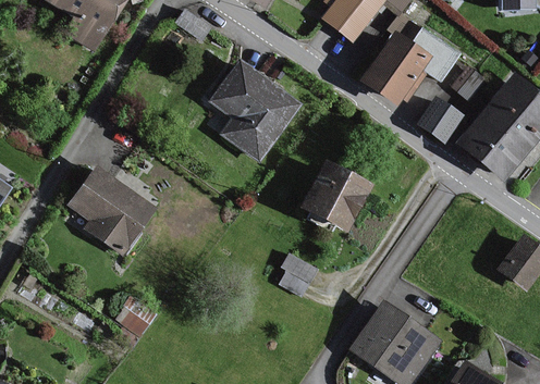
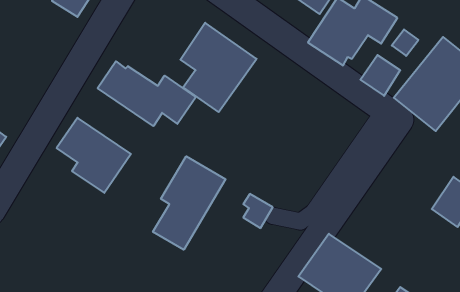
building: none -> [98,61,196,126]
building: [297,164,372,234] -> none
building: none -> [153,156,226,250]

